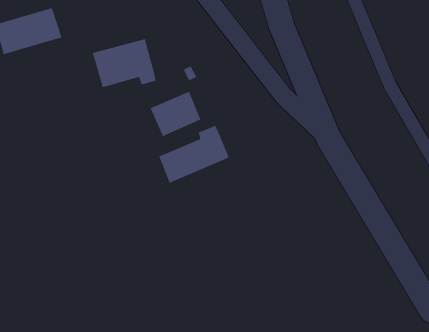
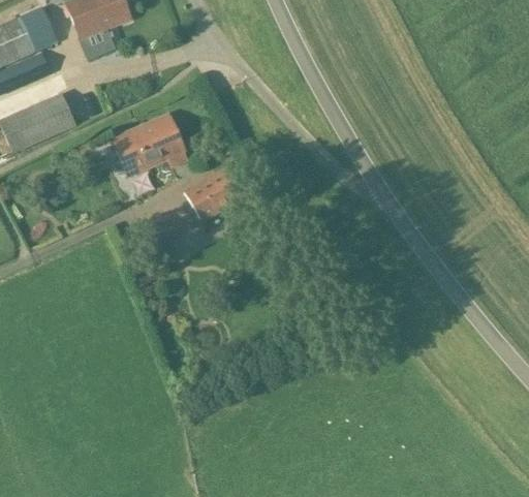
building: [158,125,230,184] -> none

